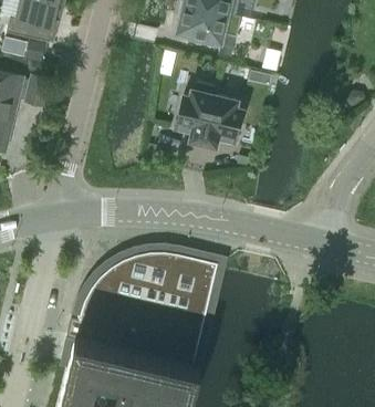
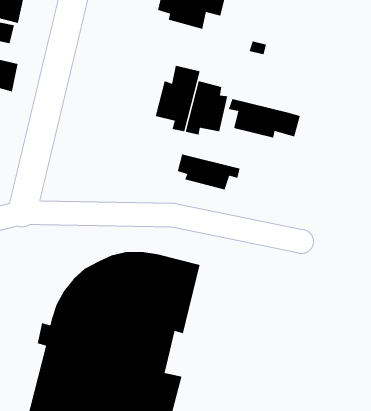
building: none -> [228,98,301,138]
building: none -> [177,153,241,190]

